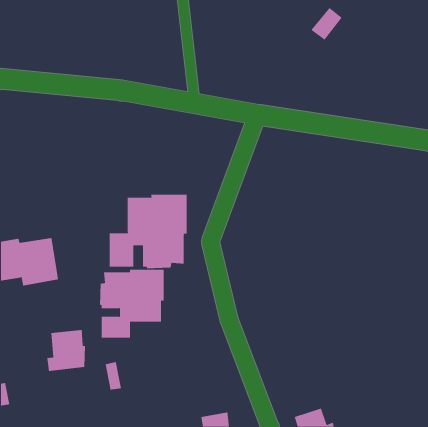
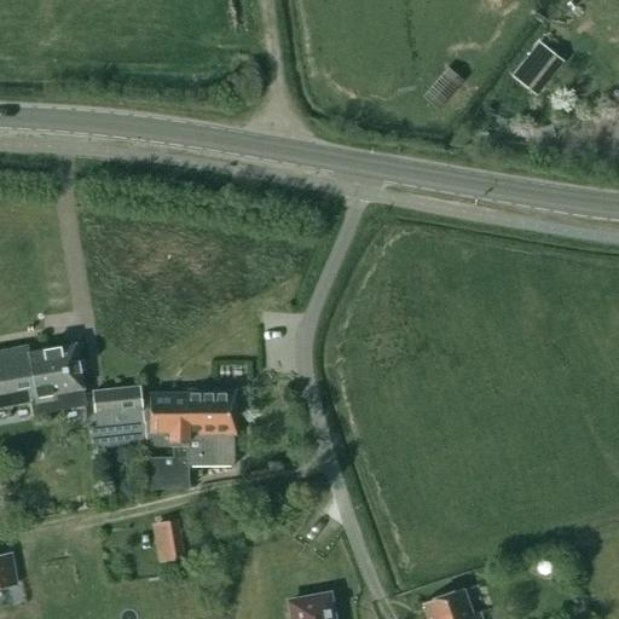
building: [311,7,342,41] -> [516,44,562,92]
building: [109,194,187,269] -> none
building: [46,329,86,371] -> [88,386,145,446]

